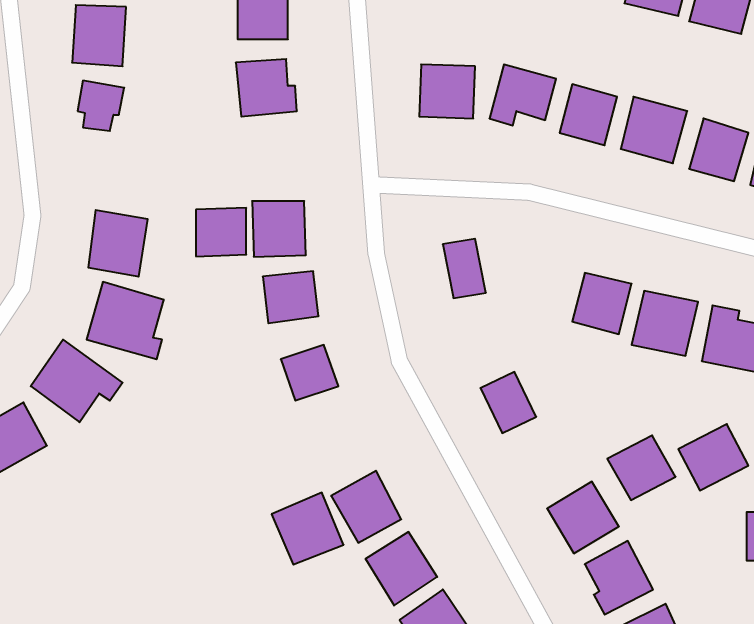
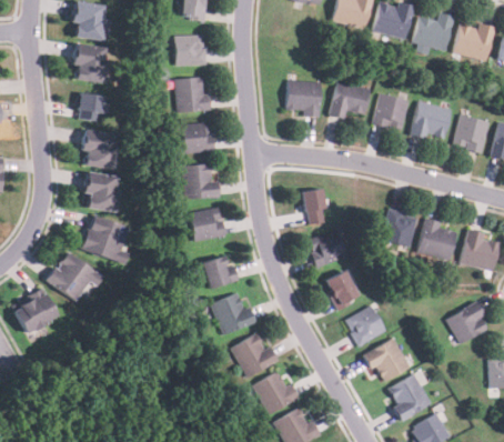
building: none -> [81,130,117,169]
building: [196,208,246,256] -> [182,123,213,153]
building: none -> [308,230,346,268]
building: [607,435,676,500] -> [344,307,386,346]
building: [272,493,344,565] -> [211,291,255,335]

